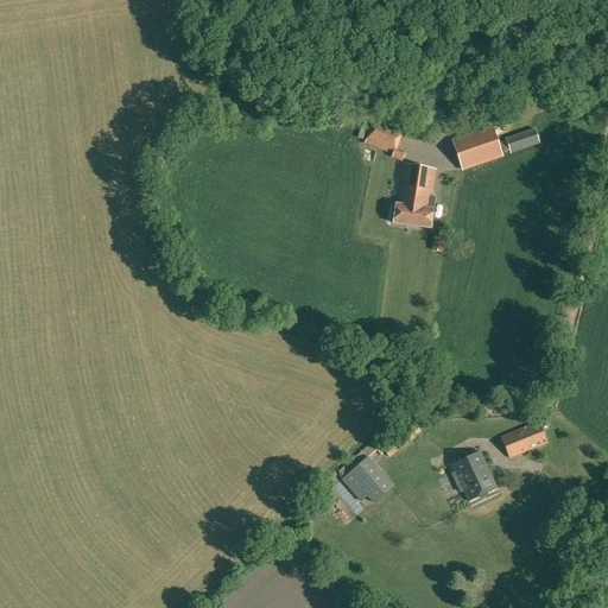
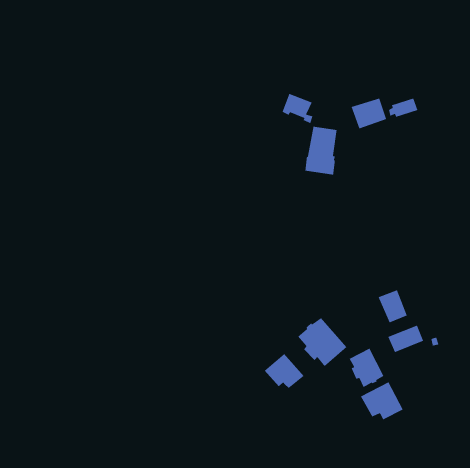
building: none -> [377,289,408,324]
building: none -> [297,317,348,367]
building: none -> [360,381,404,421]

